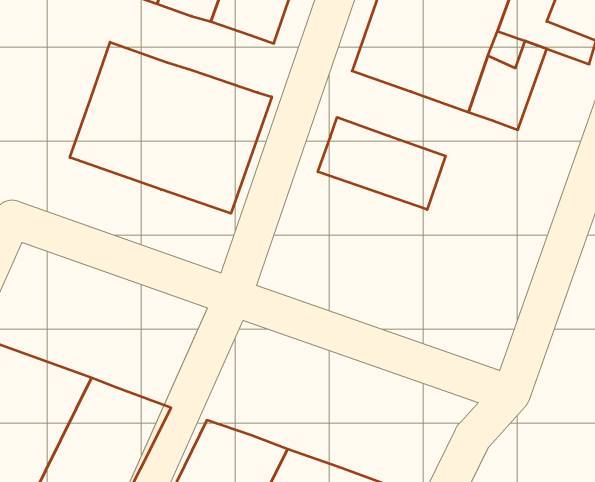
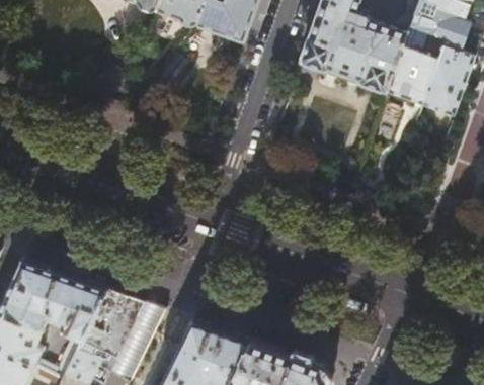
building: [70,42,272,213] -> none
building: none -> [422,45,475,115]
building: [318,117,446,210] -> none

